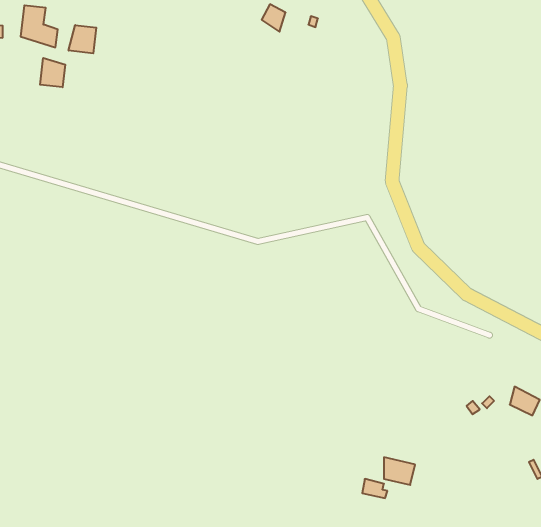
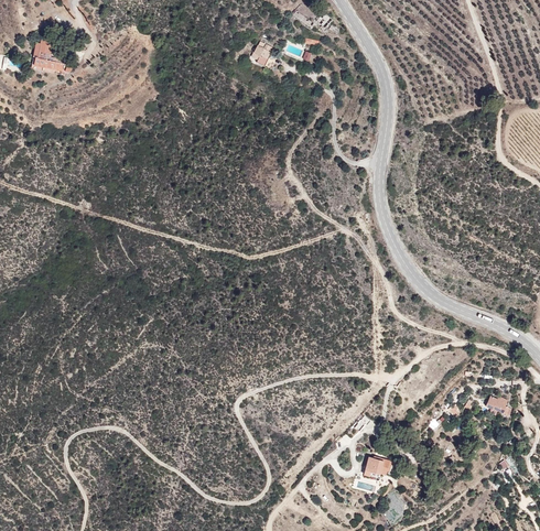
building: [69,25,96,53] -> none
building: [40,58,65,87] -> none

